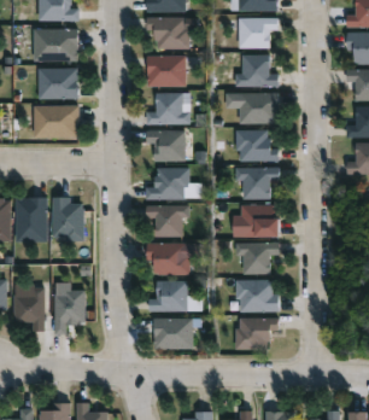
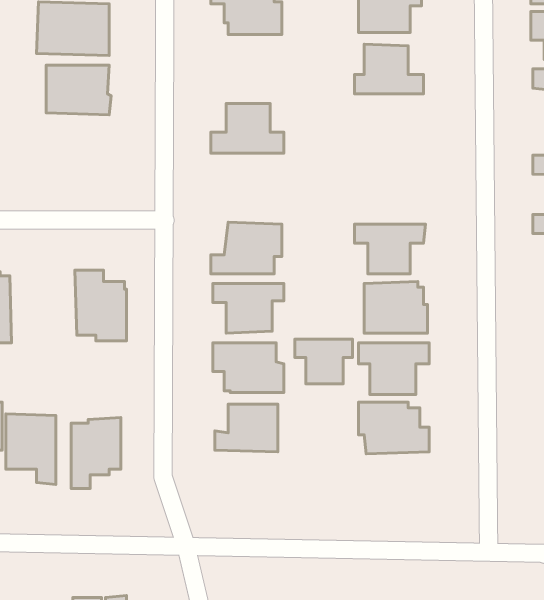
building: [144,54,183,86] -> none
building: [223,93,276,123] -> none
building: [34,105,80,138] -> none
building: [230,128,276,161] -> none
building: [142,129,182,161] -> none
building: [19,198,53,243] -> none
building: none -> [295,339,352,384]
building: [150,317,189,349] -> none
building: [235,319,279,350] -> none

